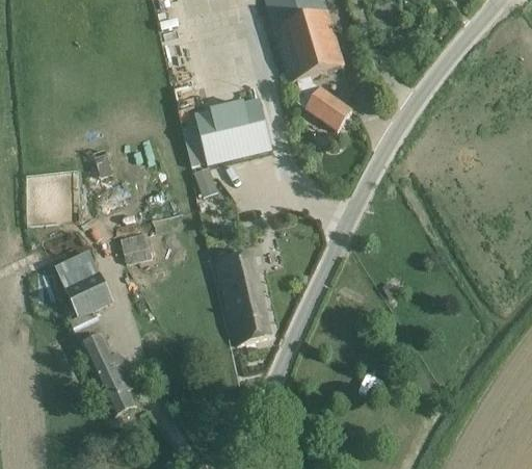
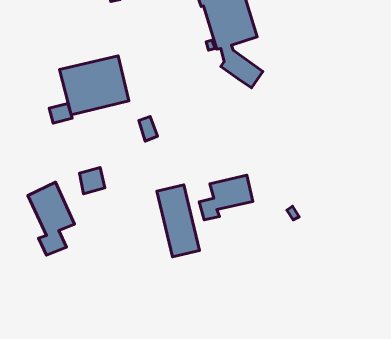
building: [191,90,278,165] -> [60,56,129,115]
building: none -> [199,175,253,220]
building: [80,335,136,417] -> none

